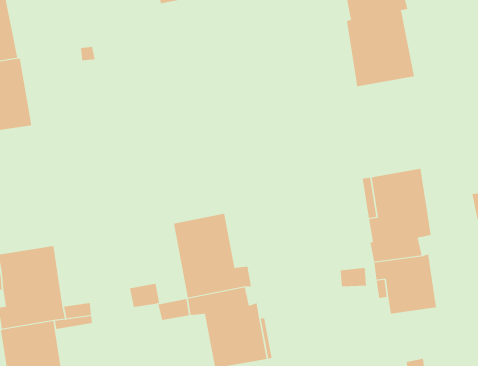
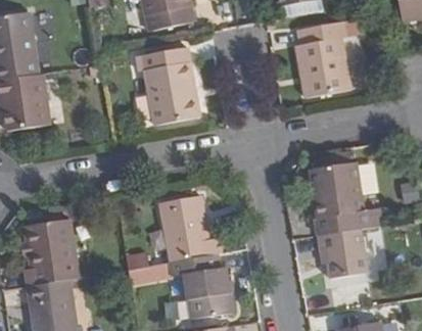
building: none -> [143,49,200,127]

